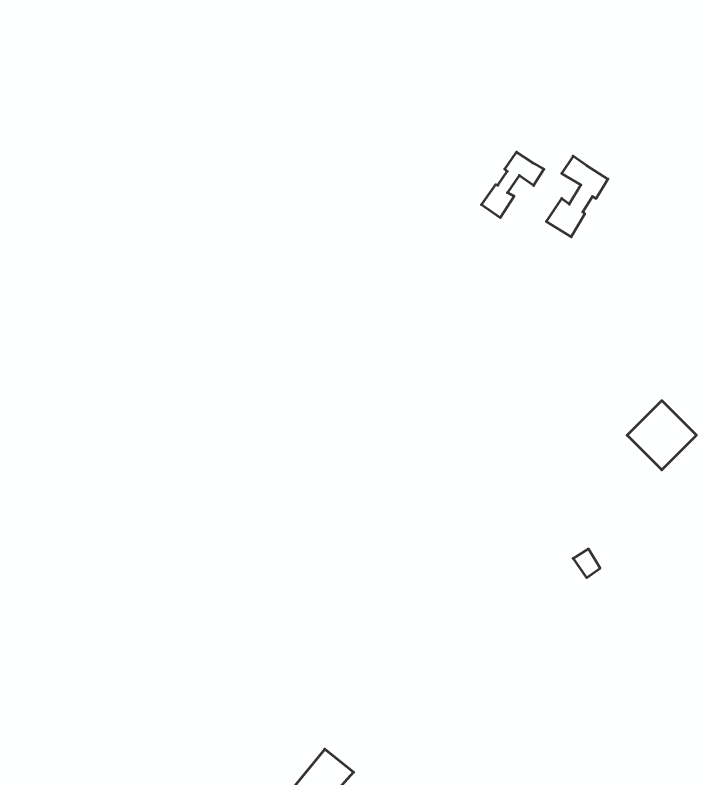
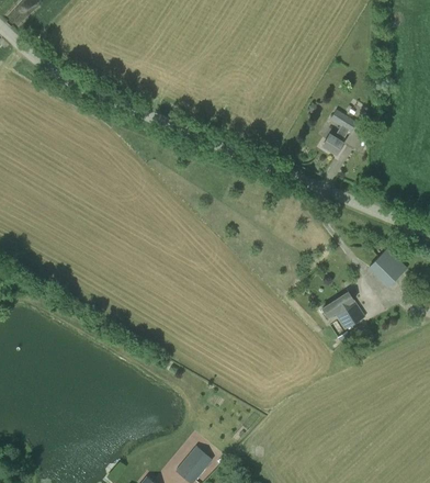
building: [481,152,544,218] -> none
building: none -> [321,292,363,329]

